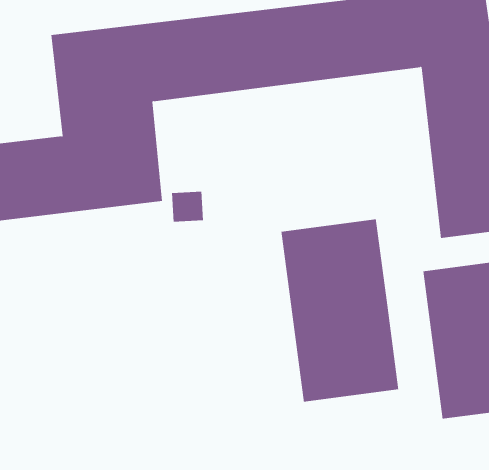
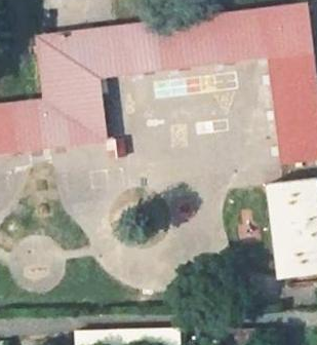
building: [281,219,399,403] -> none

